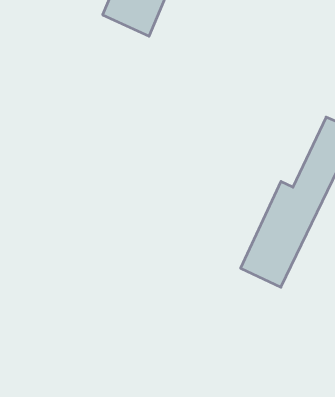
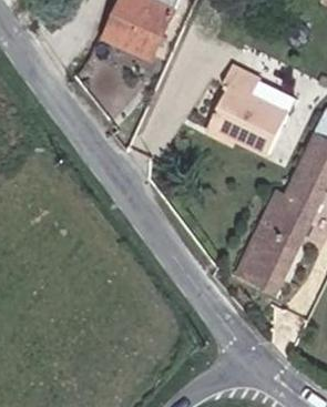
building: none -> [212,64,295,149]

